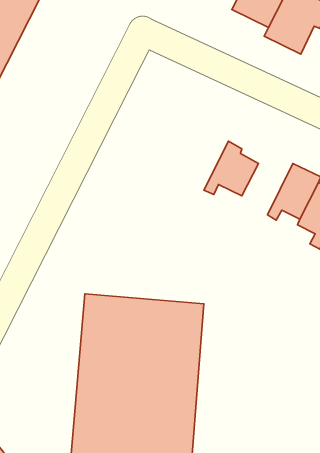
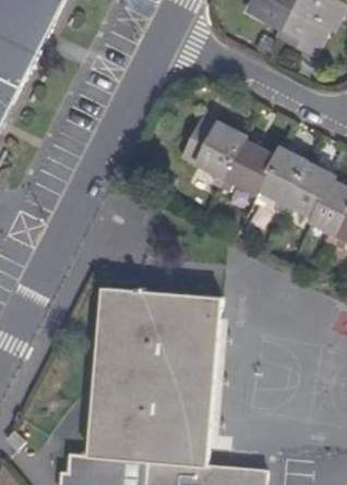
building: none -> [198,123,247,189]
building: none -> [253,148,308,213]

